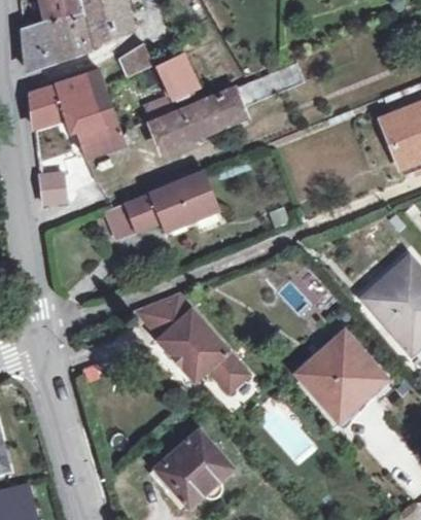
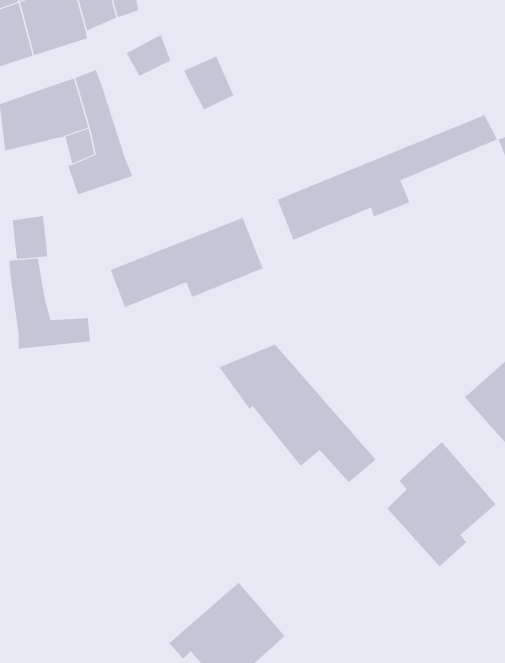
building: [149,63,305,151] -> [277,115,498,241]
building: none -> [9,258,90,349]
building: [137,292,248,390] -> [218,344,377,483]

